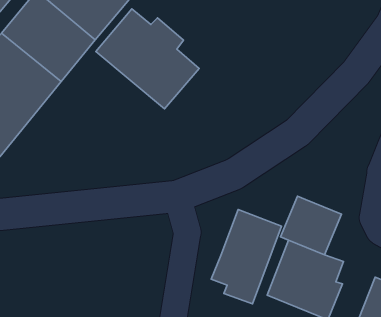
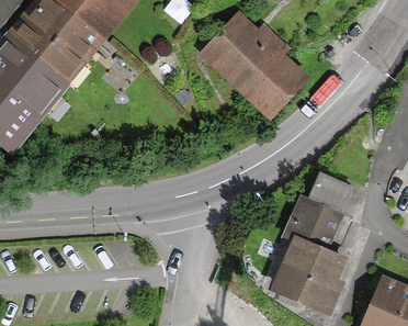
building: [96,9,199,109] -> [200,13,301,111]
building: none -> [309,172,355,213]
building: [211,209,282,304] -> none

